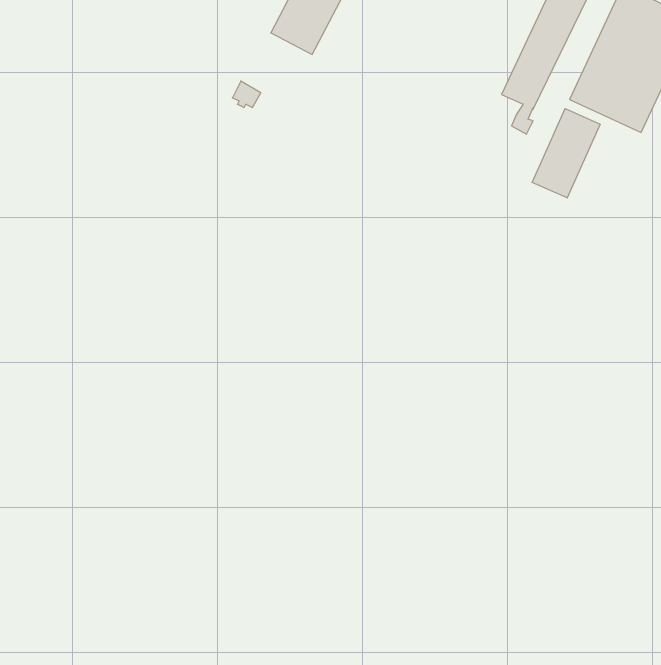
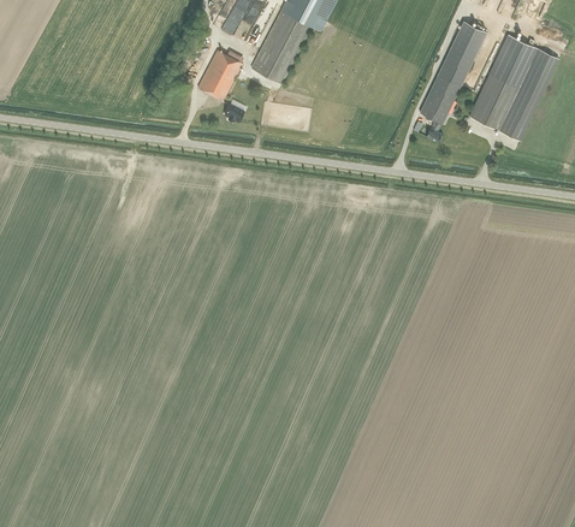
building: none -> [197,49,243,100]
building: [532,109,600,198] -> none

